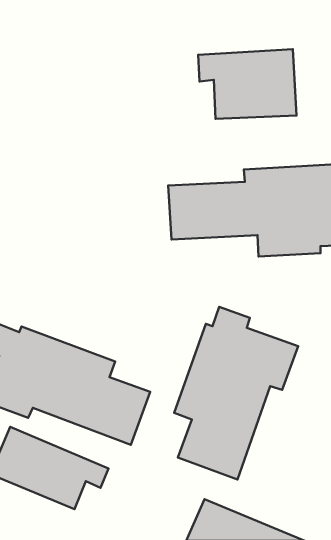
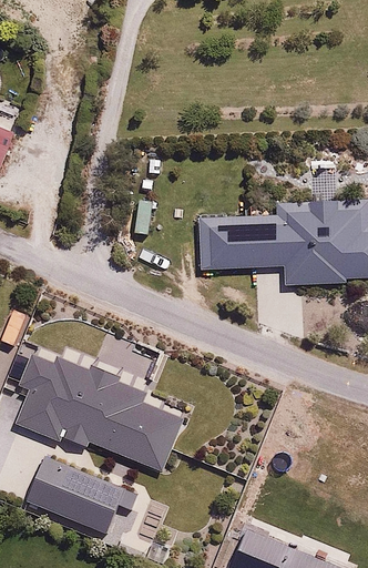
building: [198,49,297,119] -> none
building: [174,307,298,480] -> none

